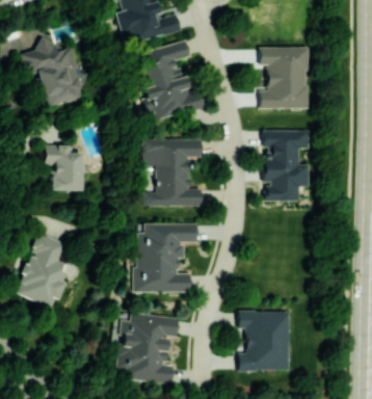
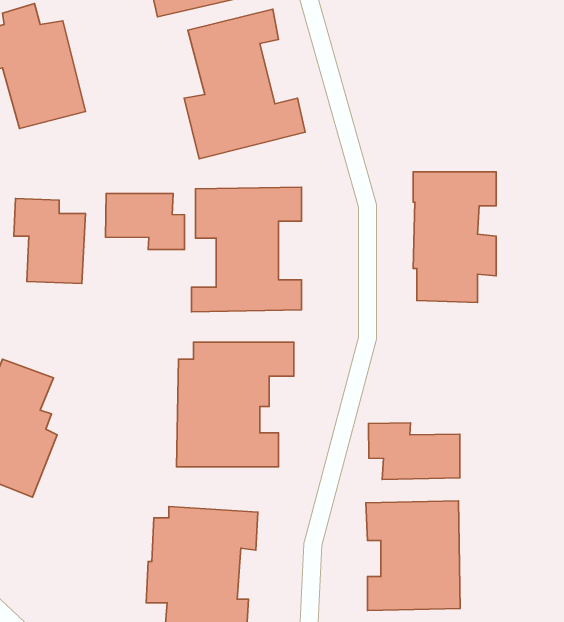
building: [260,47,309,109] -> none
building: none -> [105,193,185,250]
building: none -> [368,423,460,479]

